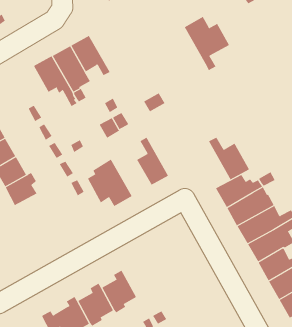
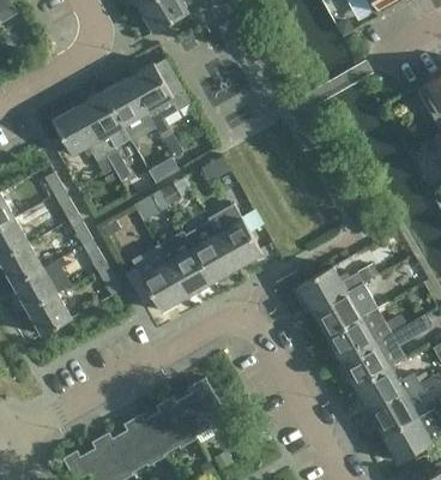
building: [184,16,230,71] -> [127,64,189,138]
building: [208,137,250,180] -> [205,210,261,269]
building: none -> [157,232,211,296]
building: none -> [26,293,72,336]
building: none -> [171,378,224,437]

